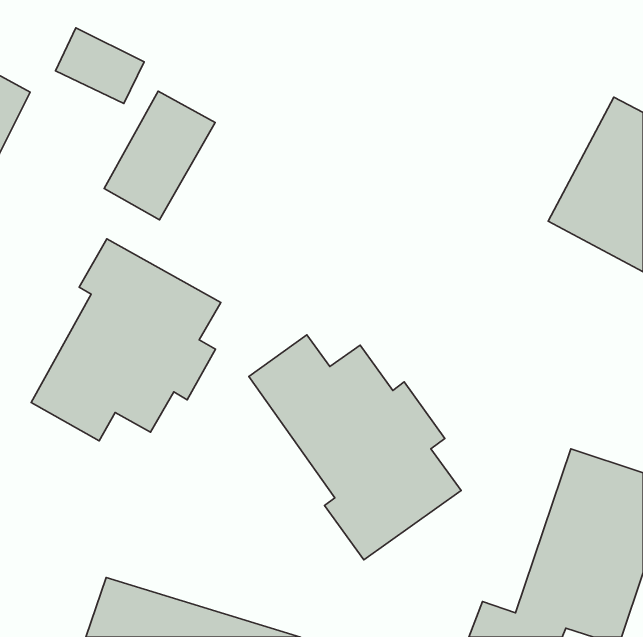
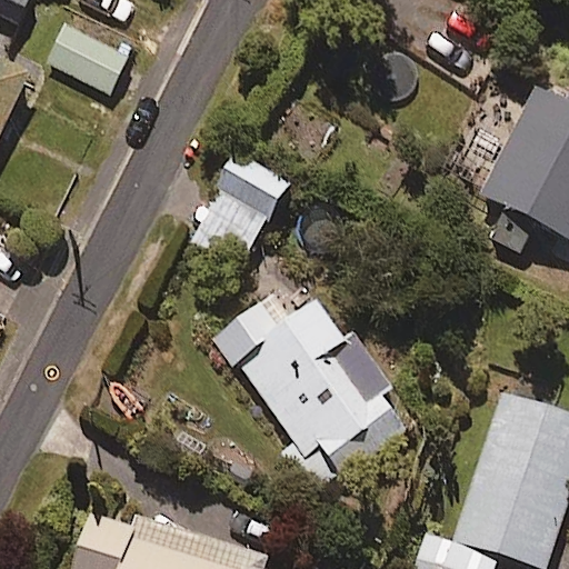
building: [104,91,215,220] -> [190,157,288,270]
building: [31,239,221,441] -> none

